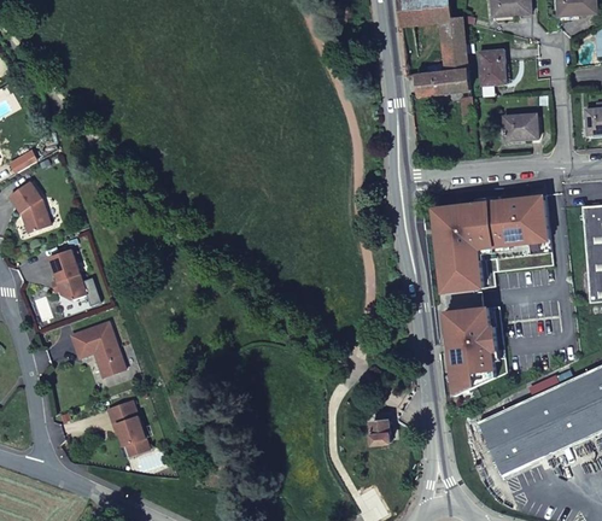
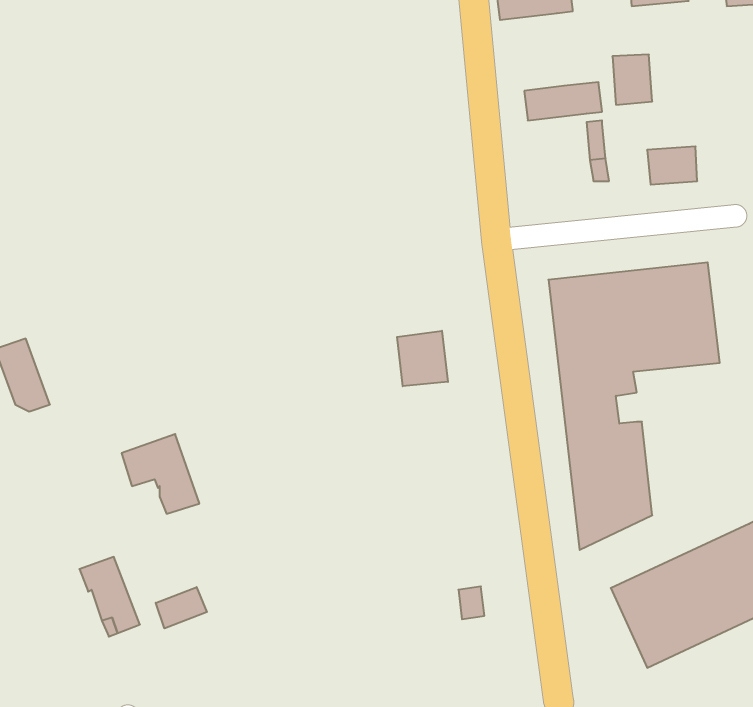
building: [439,17,468,71] -> none
building: none -> [397,331,448,386]
building: [70,320,124,375] -> [122,434,199,514]
building: none -> [156,587,207,628]

